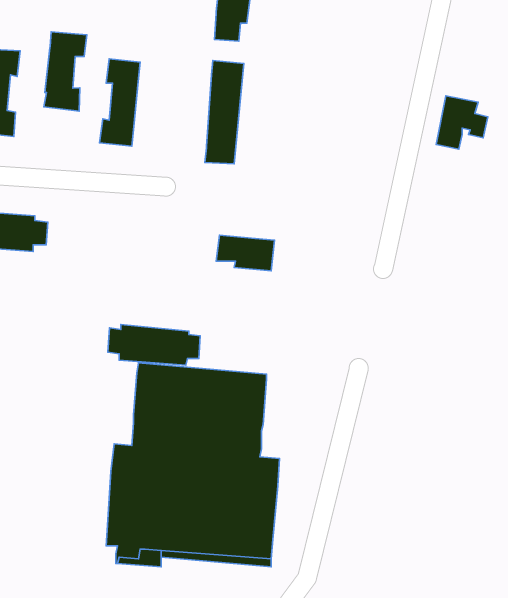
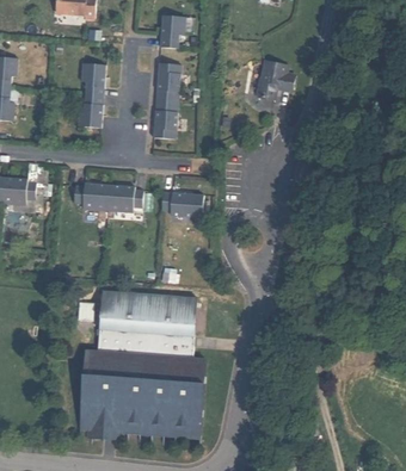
building: [44,32,87,111] -> none
building: [436,96,488,149] -> [258,57,296,97]
building: [108,325,200,365] -> [74,184,142,213]

